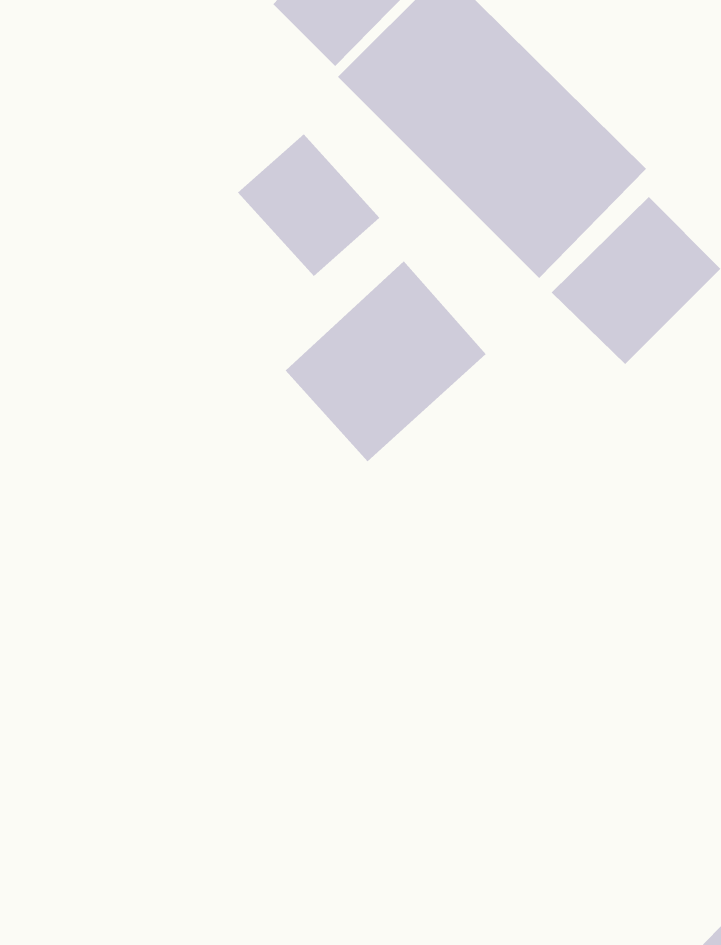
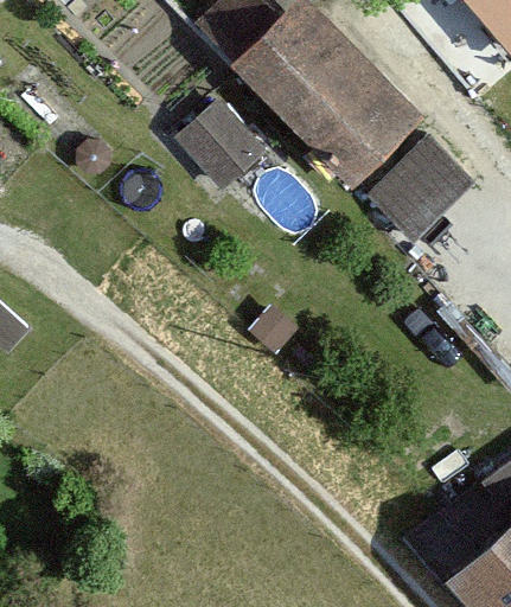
building: [285,260,486,462] -> none

